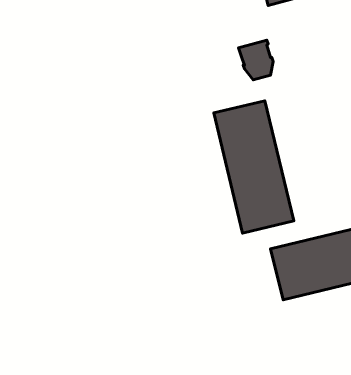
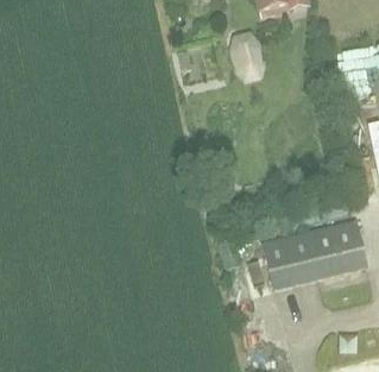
building: [214,101,294,233] -> none

